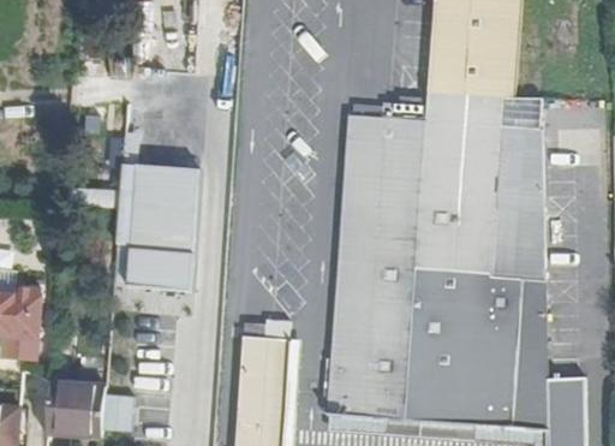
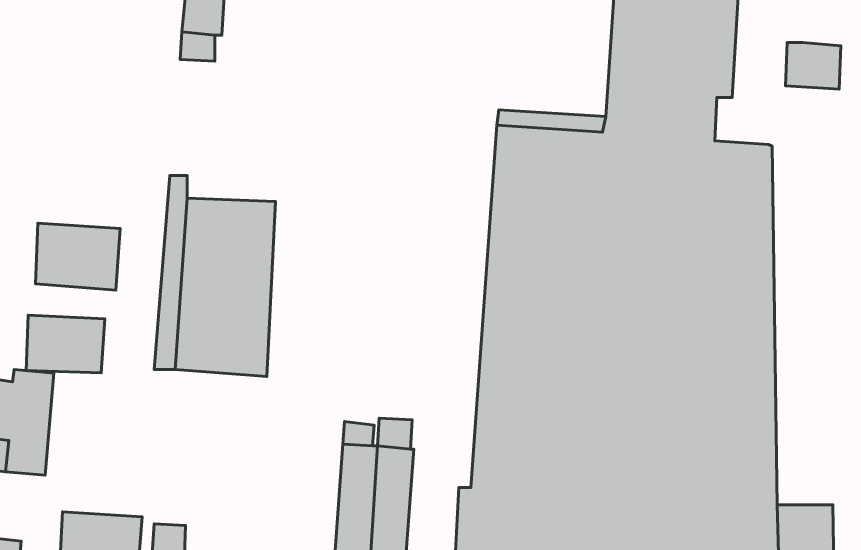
building: [502,96,541,129] -> [786,42,841,89]
building: none -> [36,223,120,290]
building: none -> [26,315,105,373]

